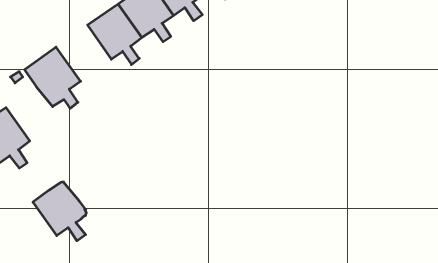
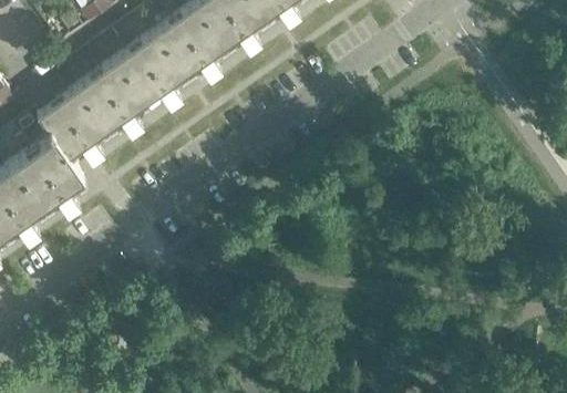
building: none -> [75,58,145,135]
building: [33,182,86,241] -> [12,136,80,210]

